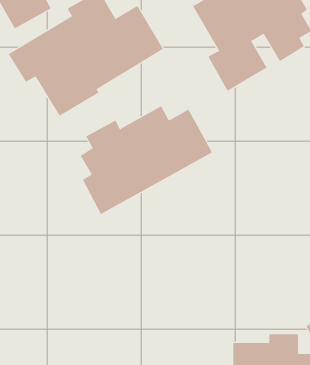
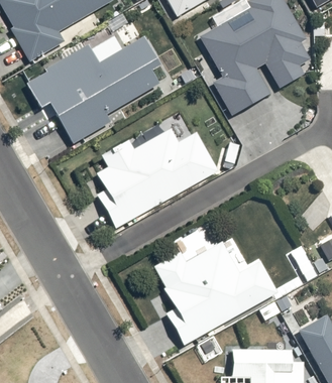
building: none -> [153,236,280,347]

